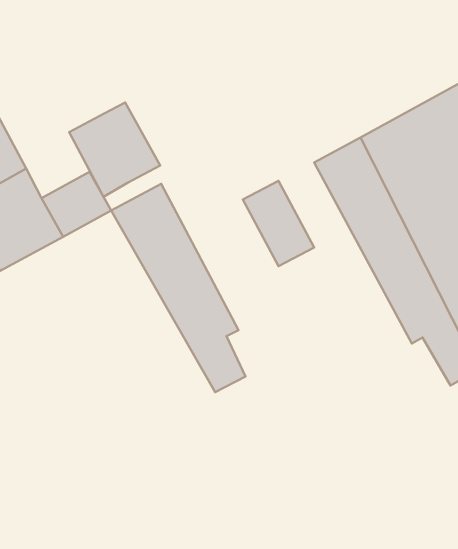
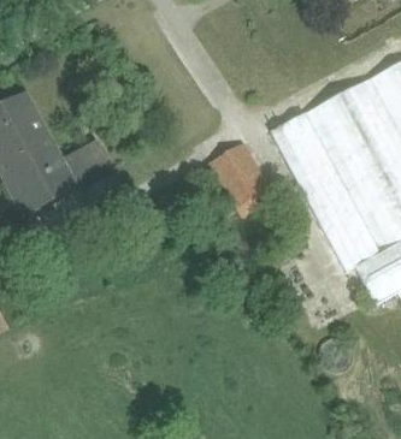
building: [69,102,160,197] -> none
building: [111,184,246,392] -> none

